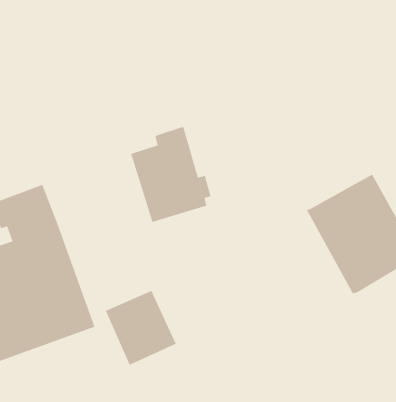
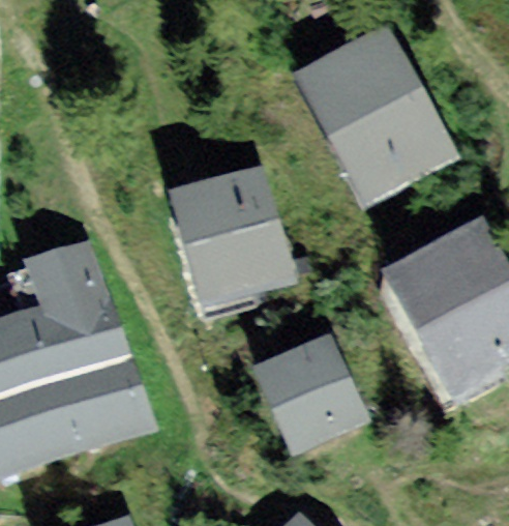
building: none -> [312,41,440,185]
building: [105,290,177,366] -> [269,346,355,437]

